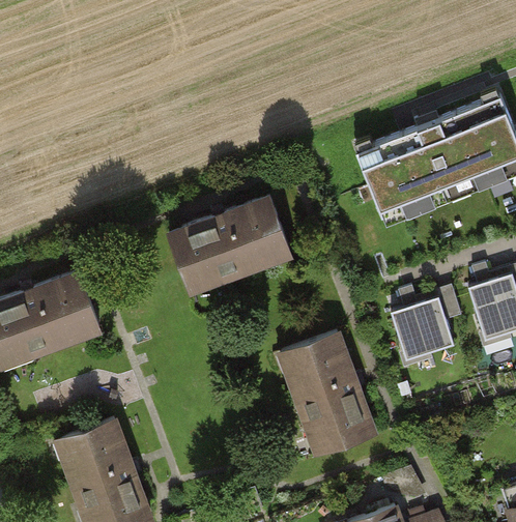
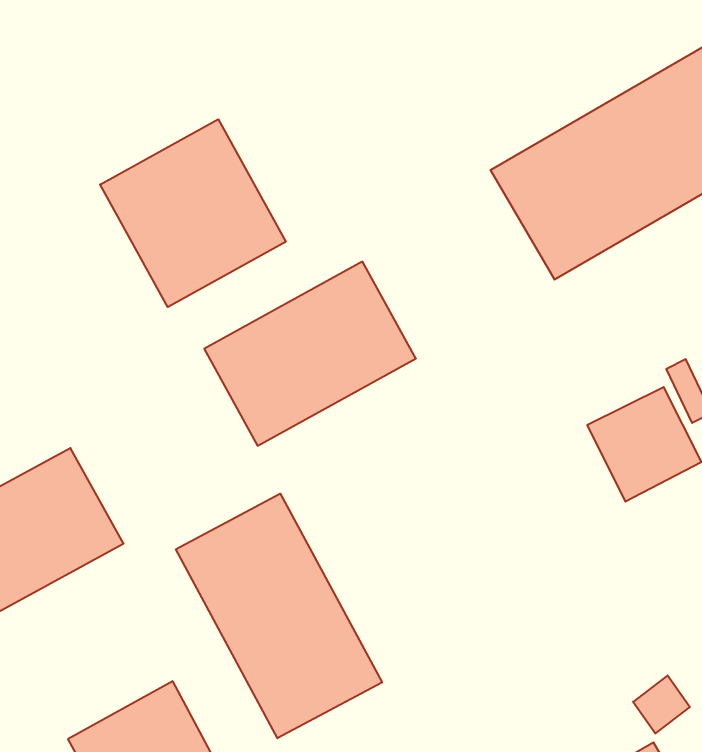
building: none -> [100,119,286,307]
building: none -> [176,494,382,738]
building: [279,334,375,456] -> none

